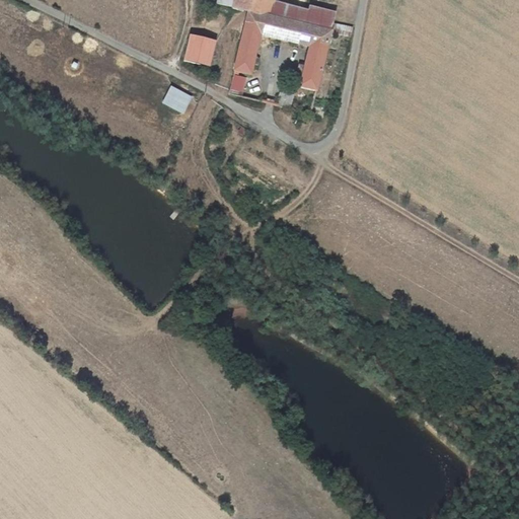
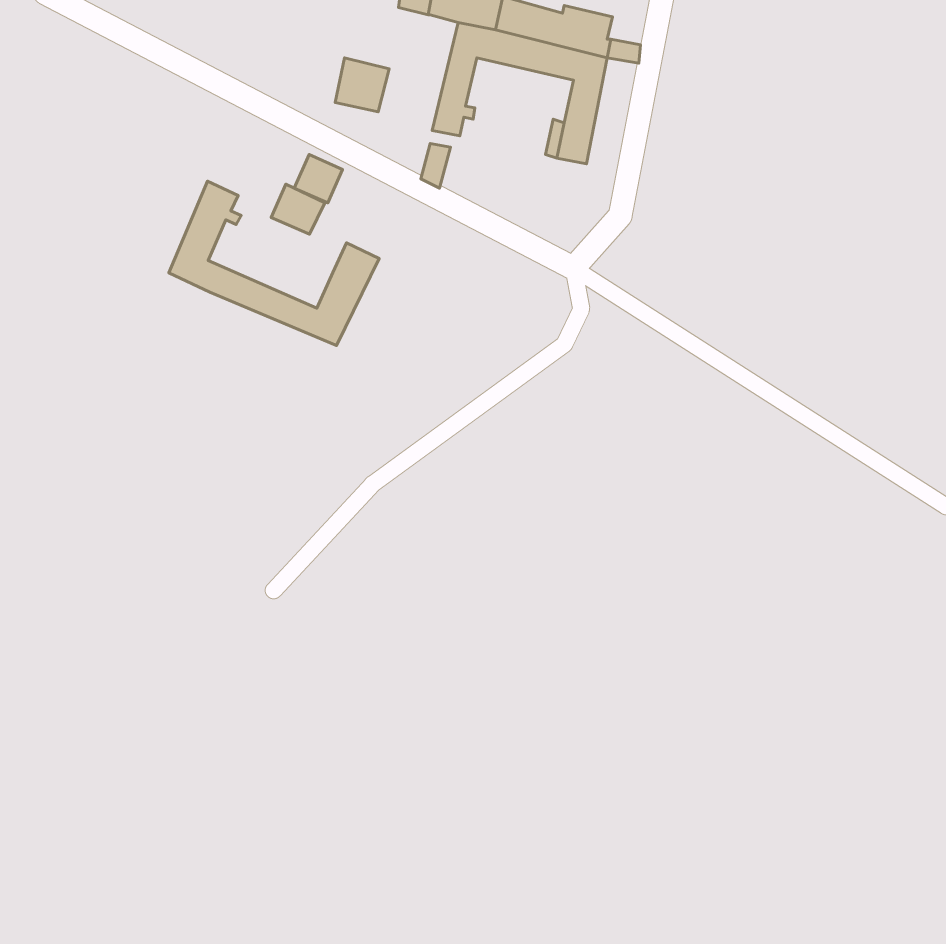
building: none -> [169,181,379,345]
building: none -> [271,184,325,234]

